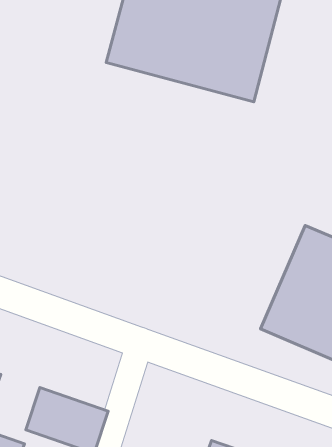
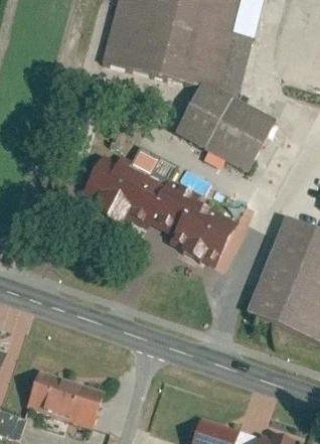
building: none -> [174,81,276,170]
building: none -> [84,153,239,268]

